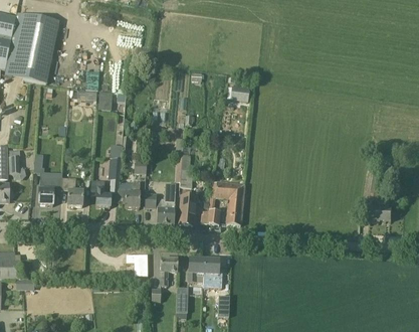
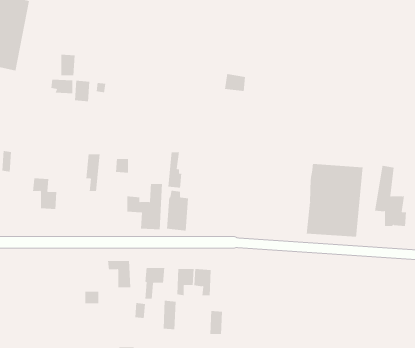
building: none -> [306,163,363,237]
building: [38,177,61,204] -> none
building: [90,179,111,206] -> none
building: [206,180,244,224] -> none
building: [117,181,140,207] -> none

